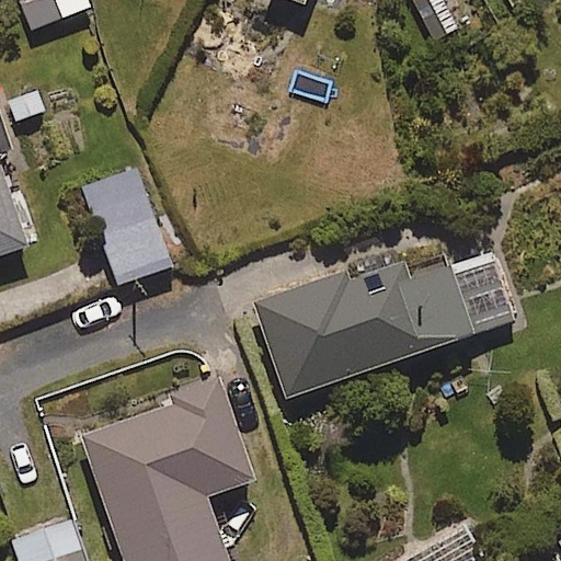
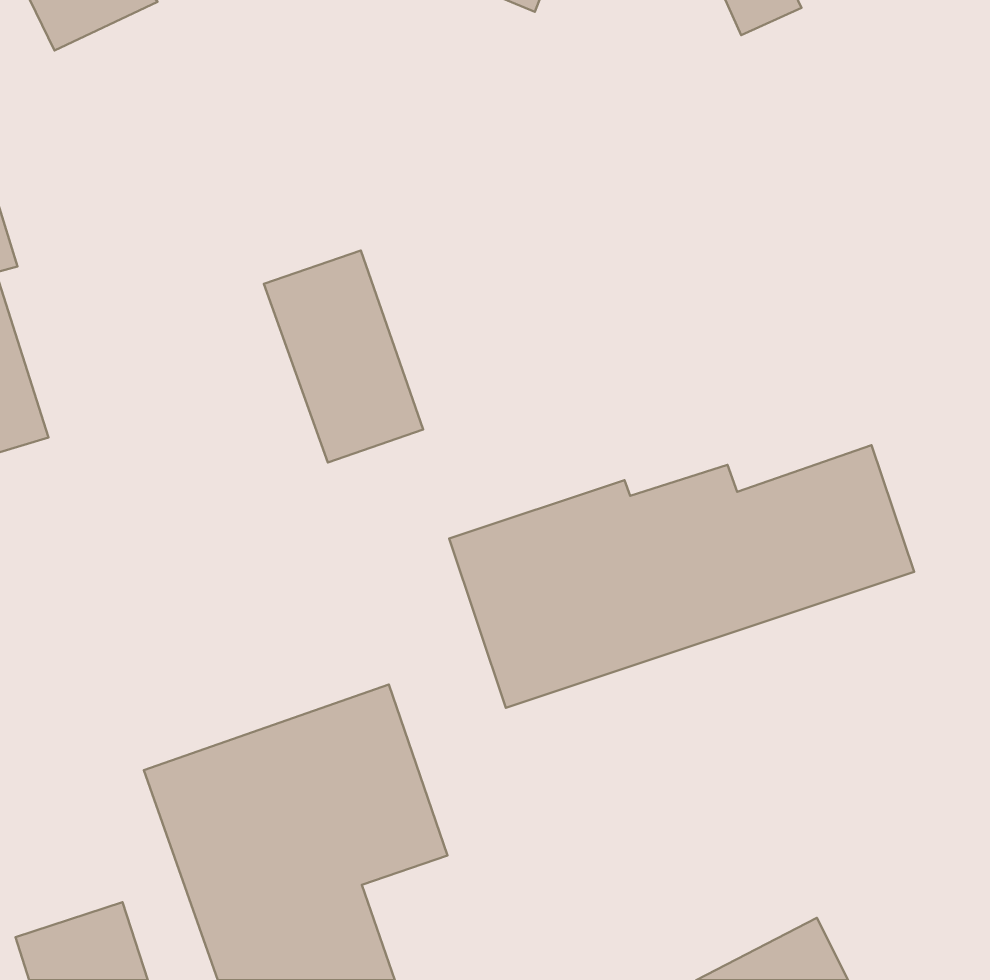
building: [80,163,170,283] -> [264,251,423,463]

